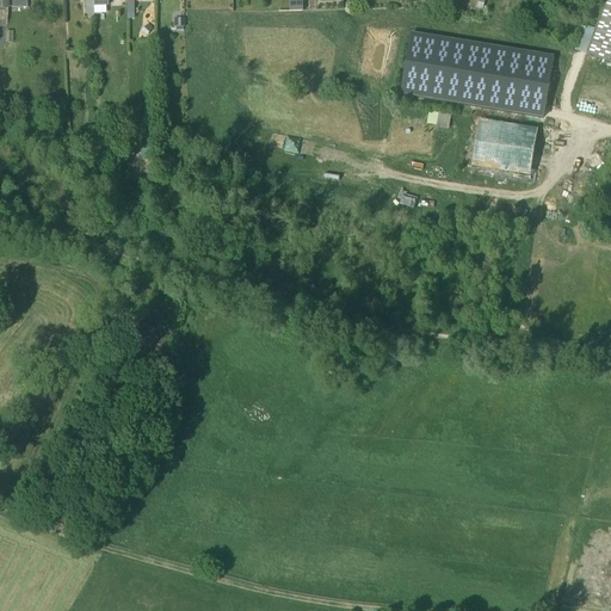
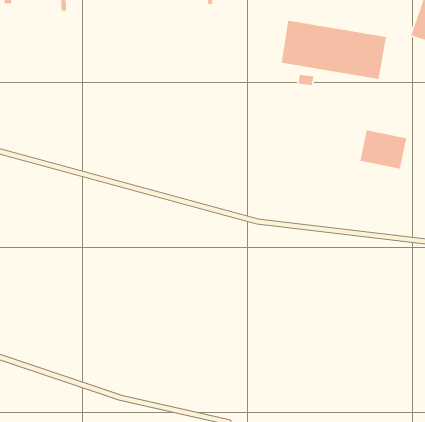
building: [473,116,541,173] -> [360,130,407,170]

